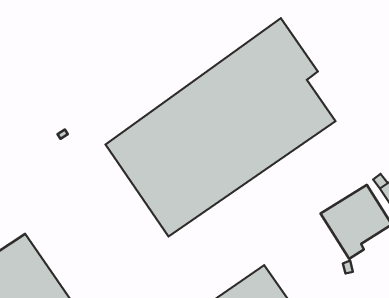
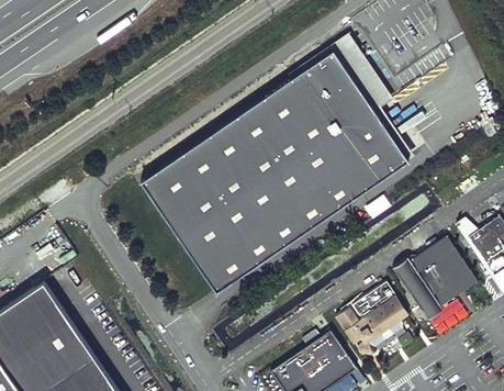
building: none -> [337,278,417,361]

